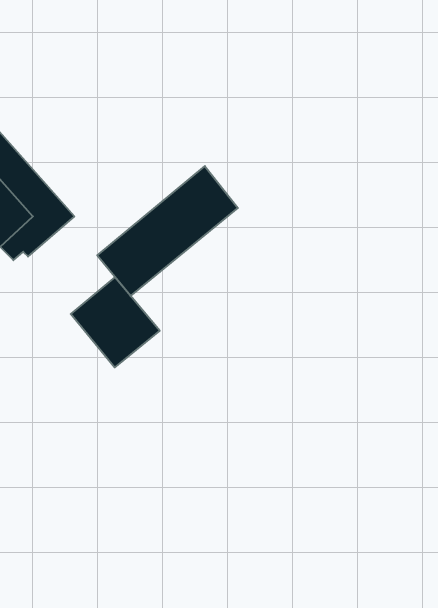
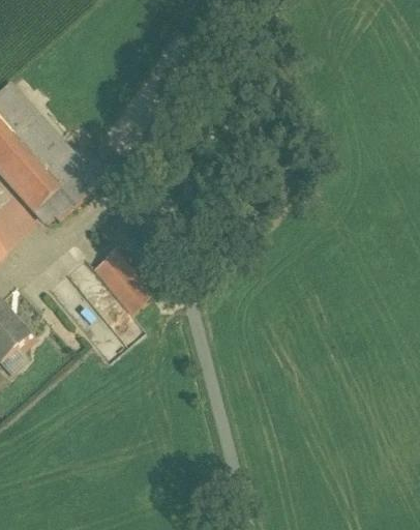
building: [97,166,238,296] -> none

